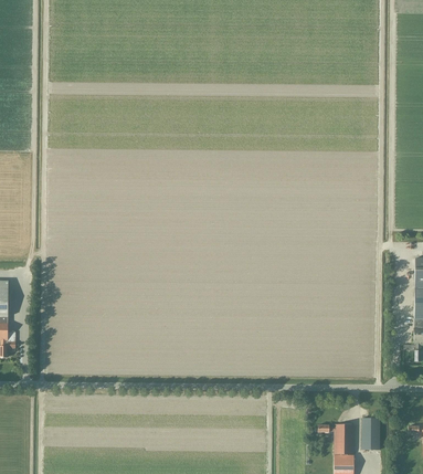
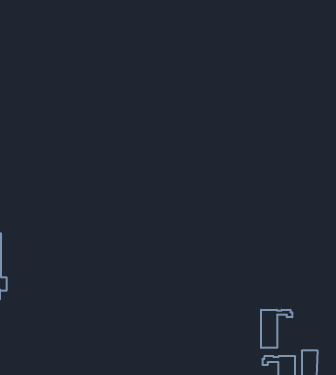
building: none -> [261,310,292,348]

